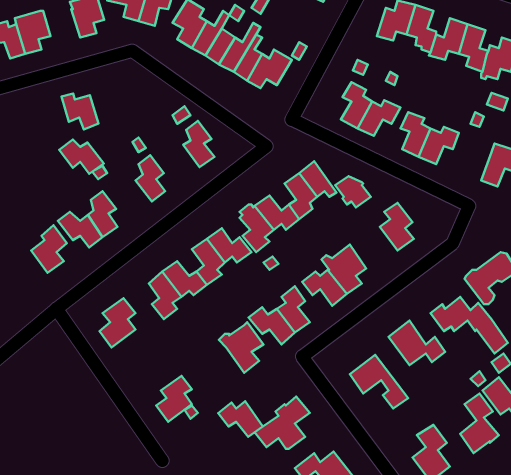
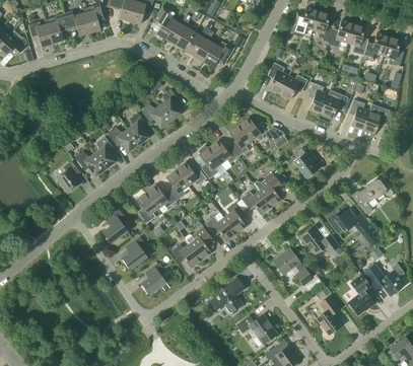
building: [61,94,99,129] -> [64,12,89,36]
building: none -> [349,99,369,130]
building: [59,140,104,174] -> [108,128,138,151]
building: none -> [140,104,170,128]
building: none -> [122,237,146,269]
building: [218,401,263,437] -> [170,243,201,268]

